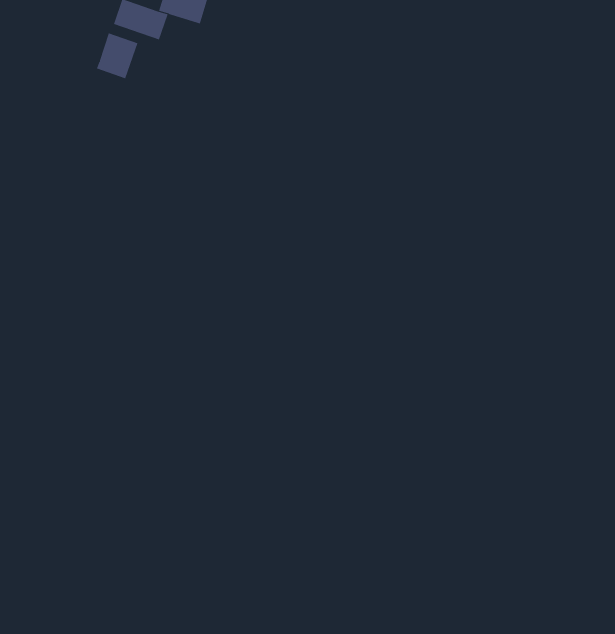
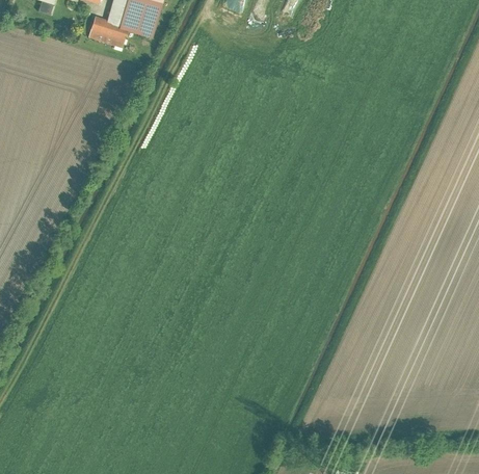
building: [96,33,138,79] -> none

